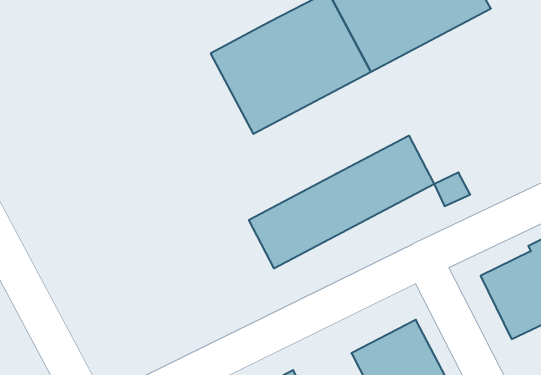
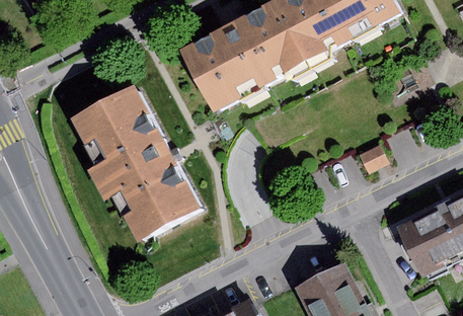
building: none -> [78,90,203,242]
building: [249,136,434,268] -> none

